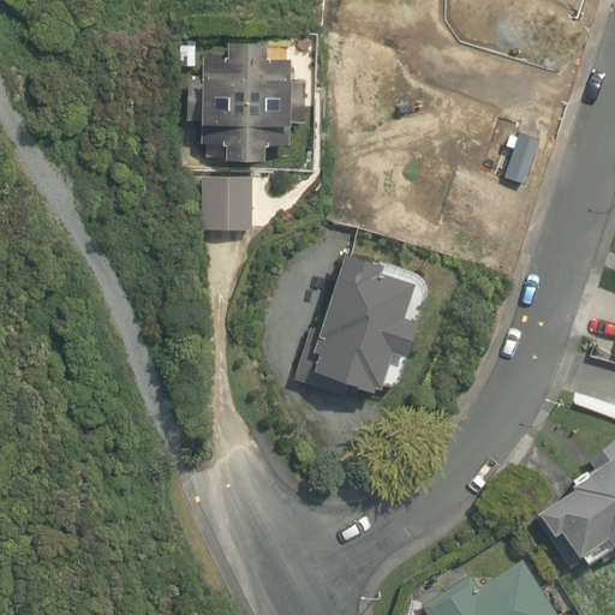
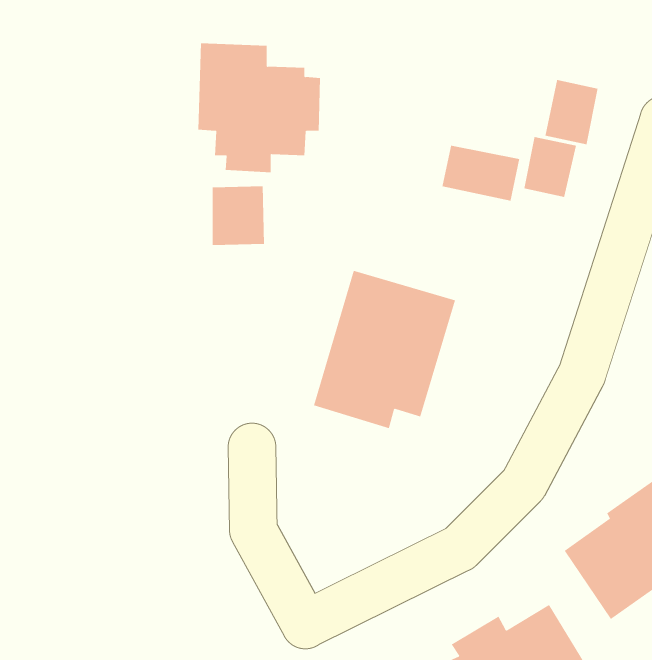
building: none -> [545,79,598,145]
building: none -> [442,145,520,202]

